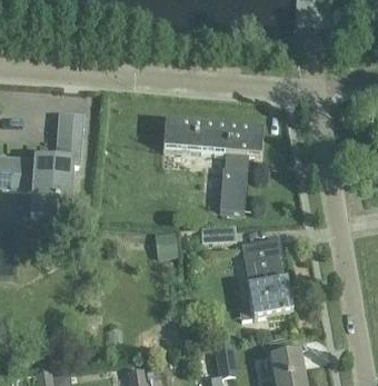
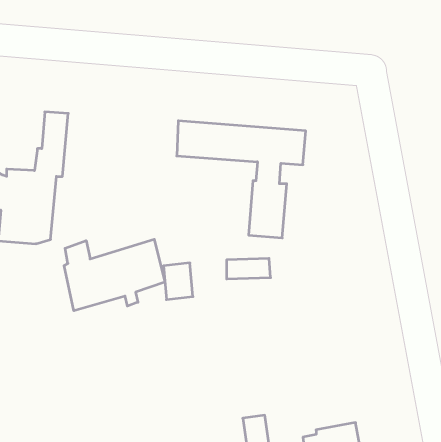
building: none -> [64,239,165,311]
building: [242,235,294,314] -> none

